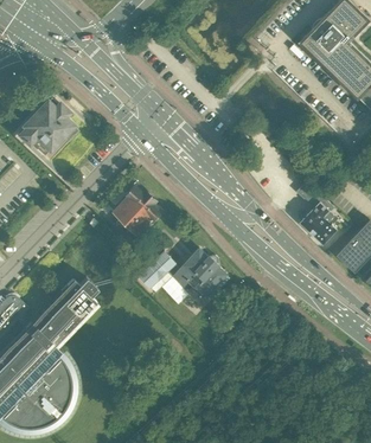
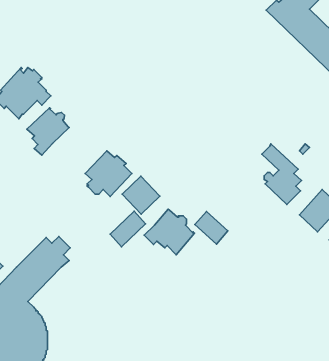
building: none -> [27,108,69,155]
building: none -> [122,176,160,214]
building: none -> [195,211,228,244]

